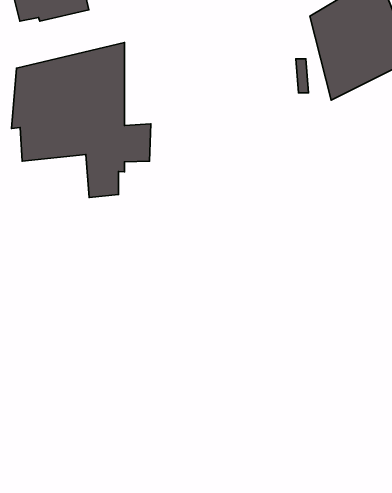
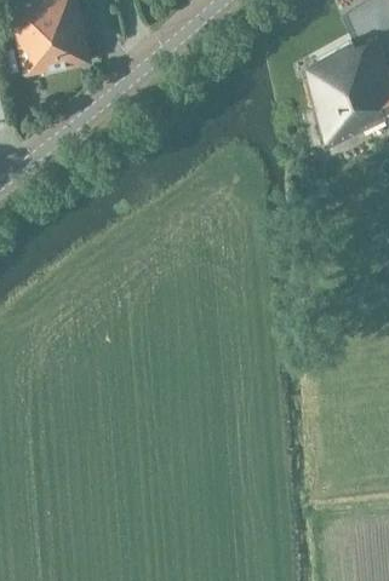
building: [11,43,151,198] -> none

